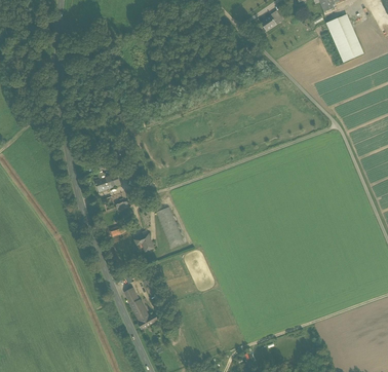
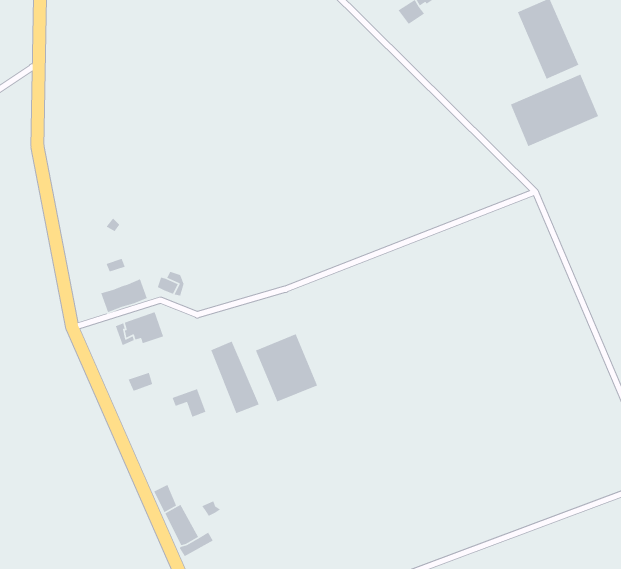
building: none -> [510,74,599,147]
building: none -> [255,333,318,403]

